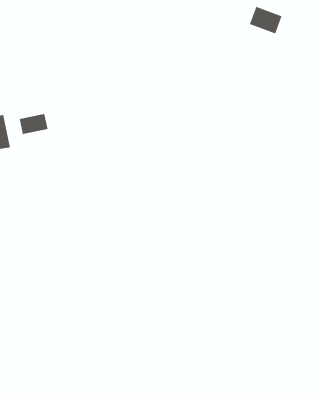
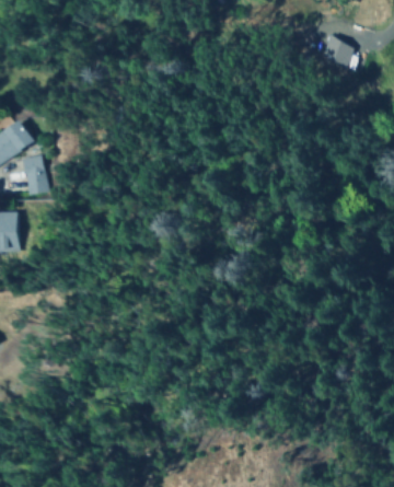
building: [19,113,48,135] -> none

